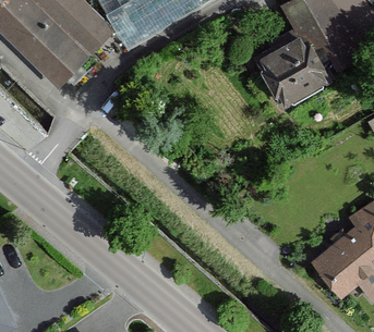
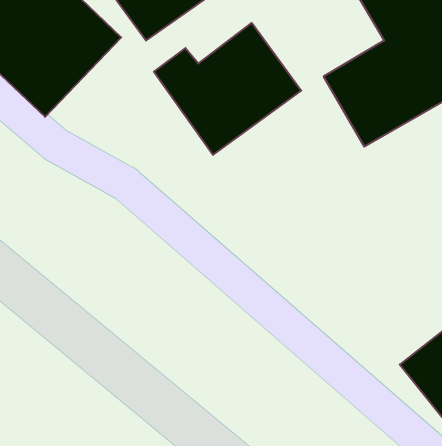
building: none -> [154,23,301,155]

